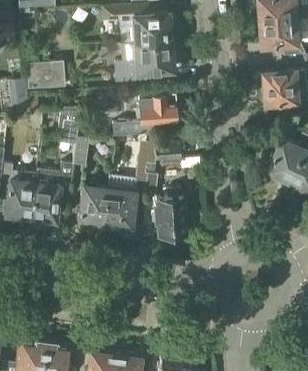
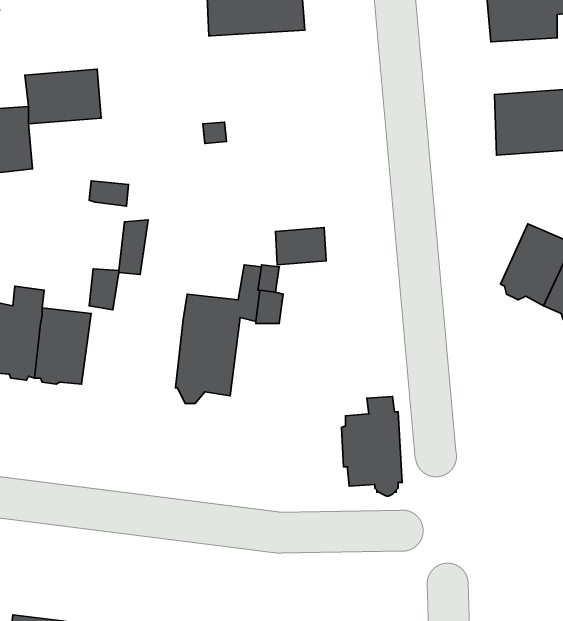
building: [115,41,172,82] -> none
building: [113,95,178,137] -> none
building: [77,186,108,226] -> none
building: [155,189,186,240] -> [341,396,402,496]

